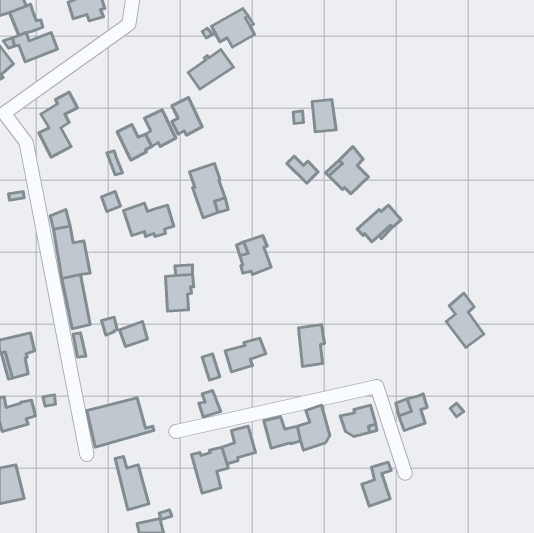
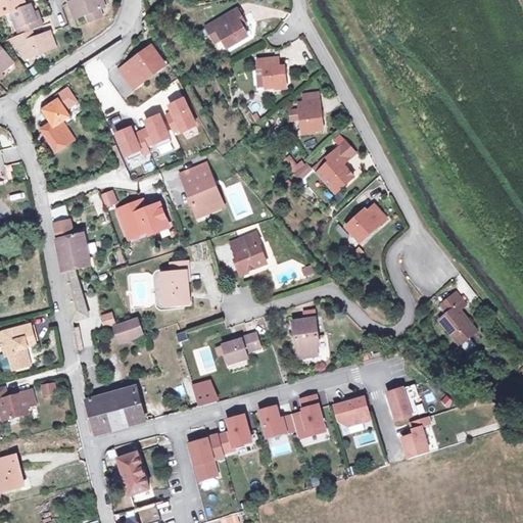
building: [188,49,233,89] -> [117,50,161,89]
building: none -> [262,52,292,83]
building: [362,462,391,506] -> [399,417,428,460]

